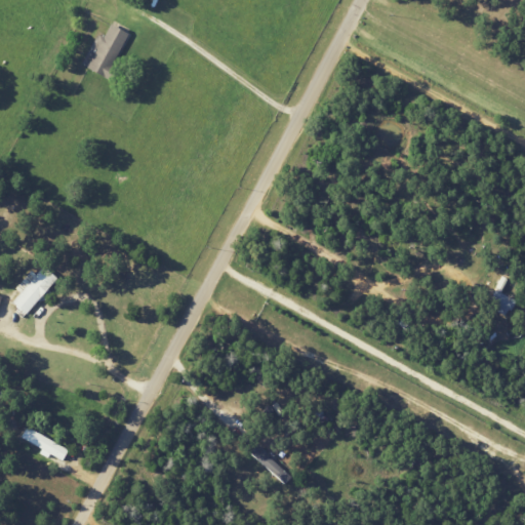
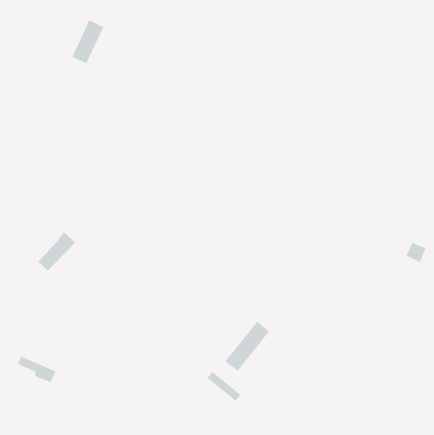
building: [11,267,57,315] -> [38,232,76,272]
building: none -> [224,321,270,371]

